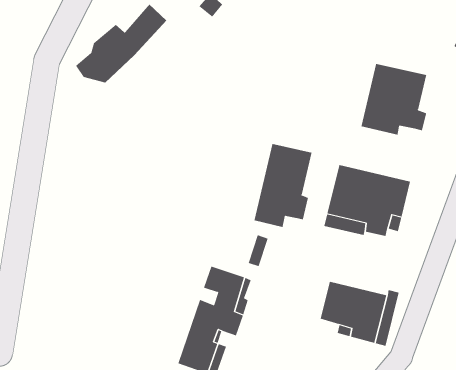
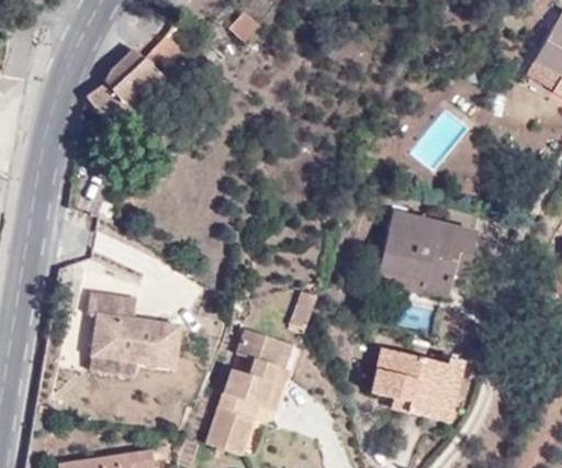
building: [361,63,427,136] -> none
building: [254,143,312,228] -> none
building: none -> [90,293,181,375]

